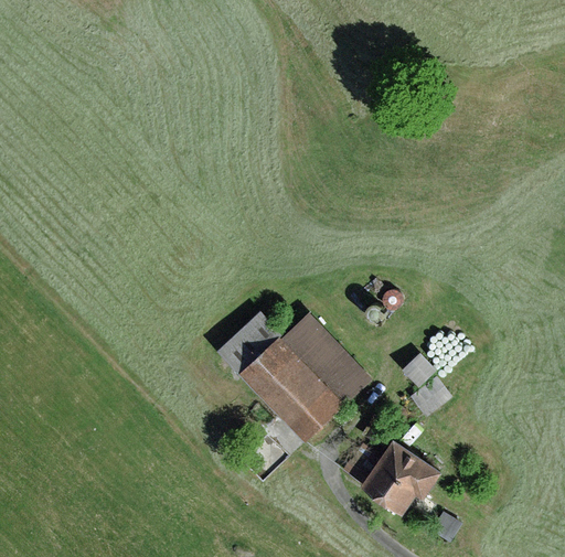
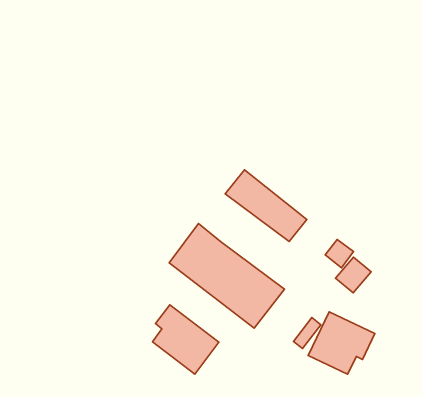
building: [281,313,371,404] -> [225,170,307,241]
building: none -> [152,305,219,374]

